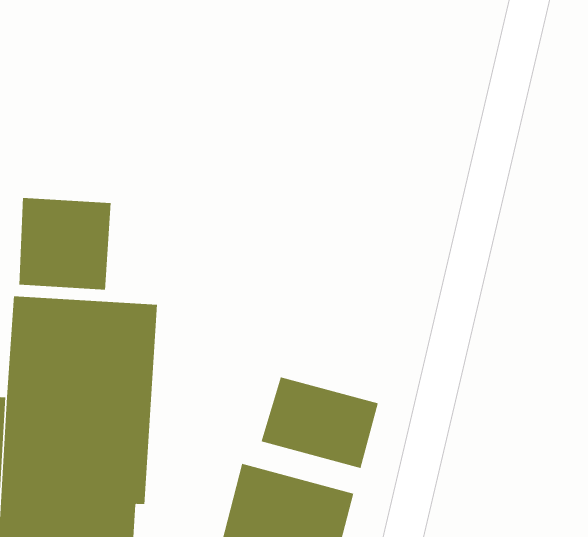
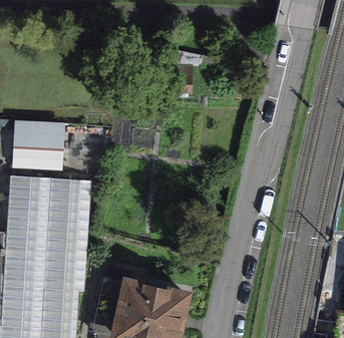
building: [261,377,379,469] -> none

